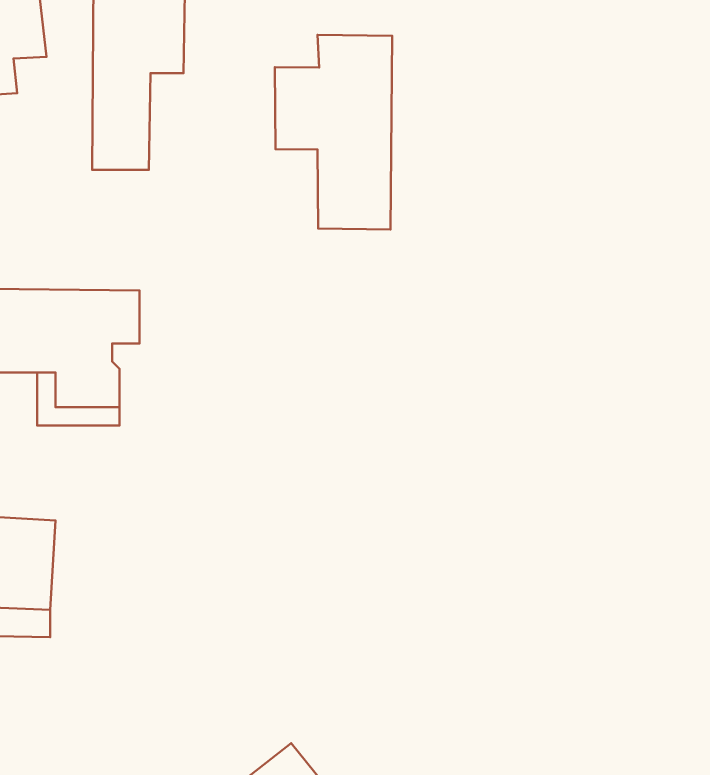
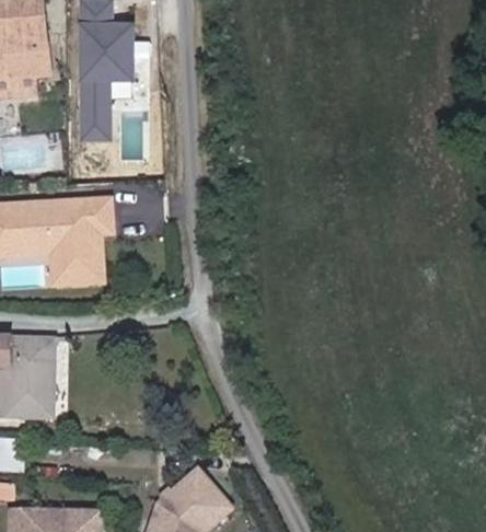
building: [275,35,392,229] -> none

